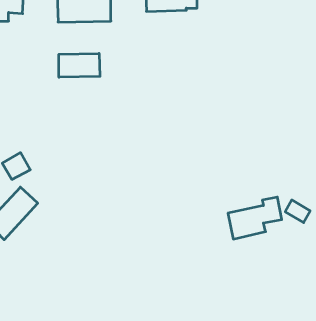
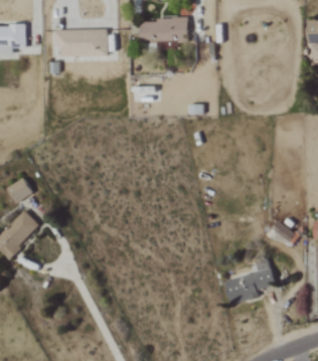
building: [59,53,100,77] -> none
building: [228,197,282,239] -> [224,264,275,304]

